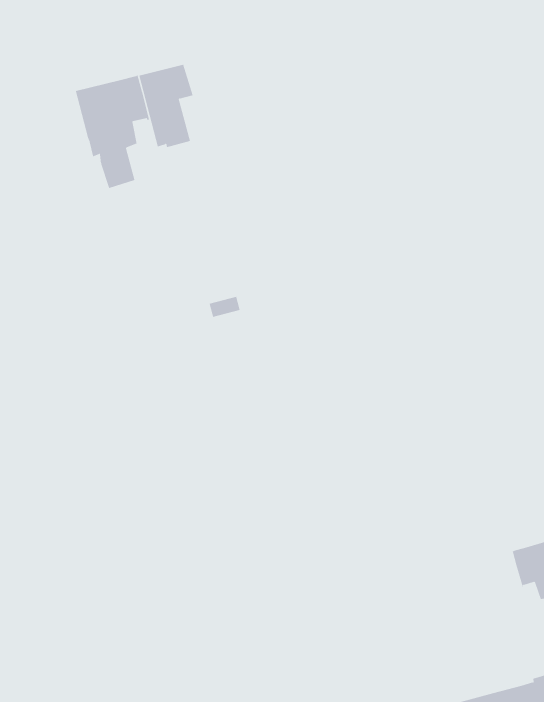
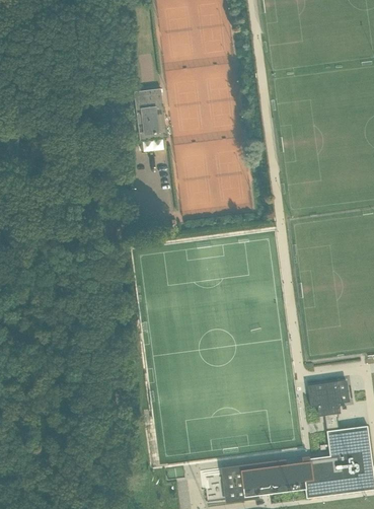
building: [75,75,149,189] -> none

